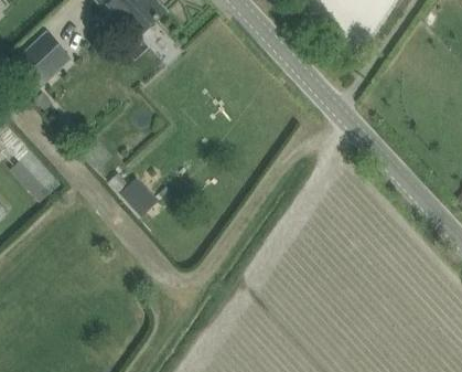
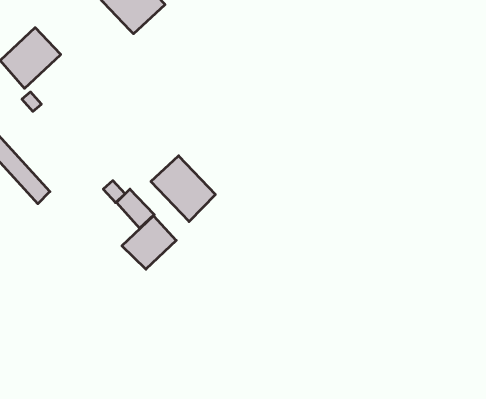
building: none -> [151,156,215,222]
building: none -> [122,216,176,269]

